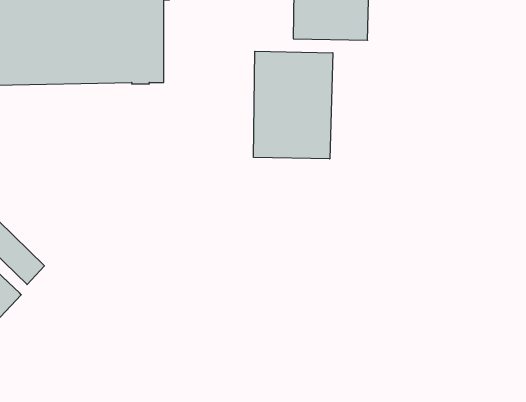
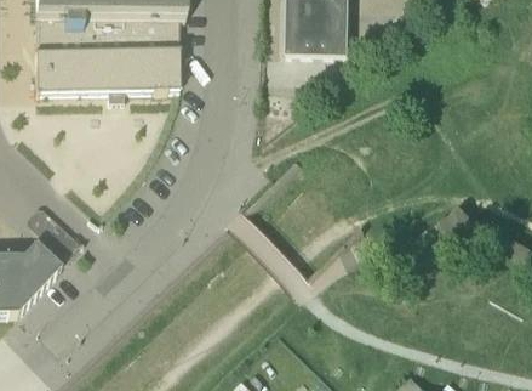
building: [254,51,333,159] -> none

